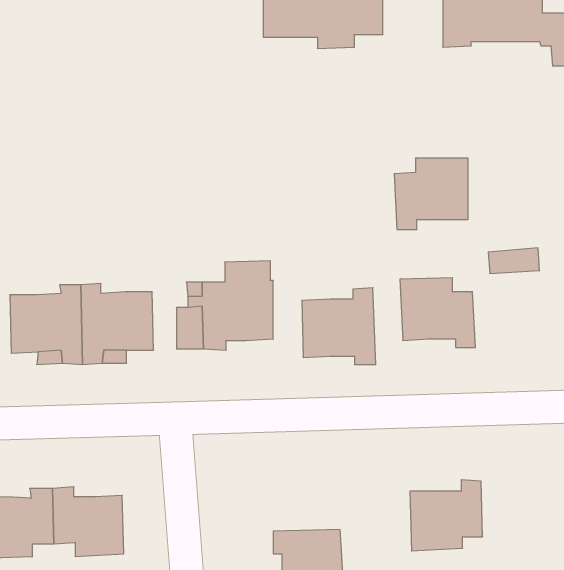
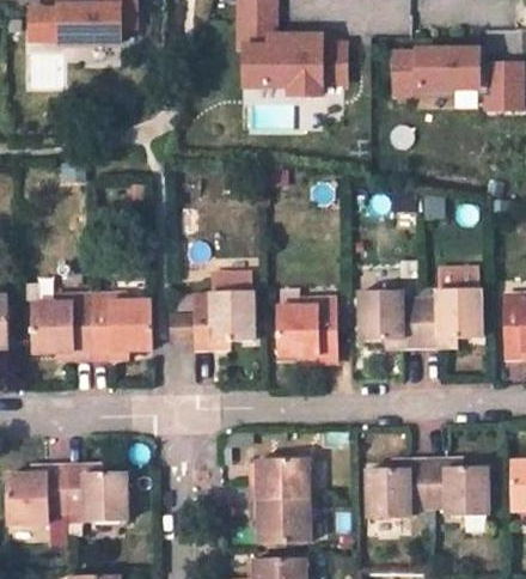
building: [394,158,468,229] -> [420,287,482,347]
building: none -> [252,458,308,501]
building: none -> [427,458,489,516]

